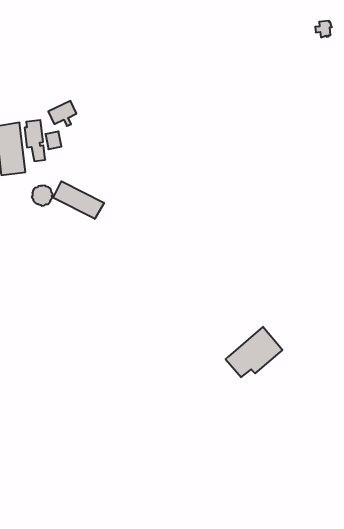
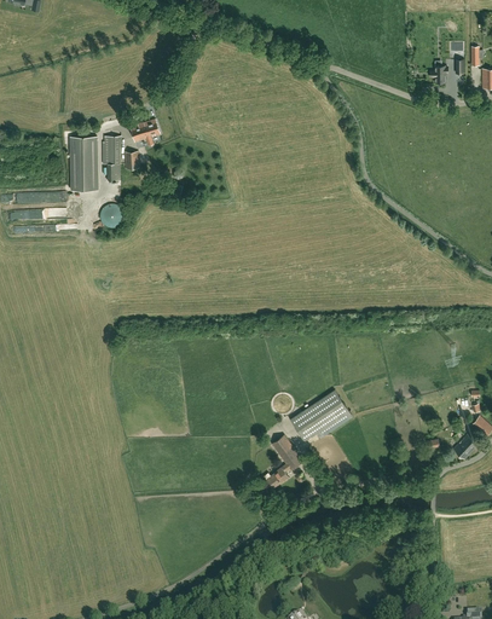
building: [53,181,104,219] -> none
building: none -> [267,434,301,486]

